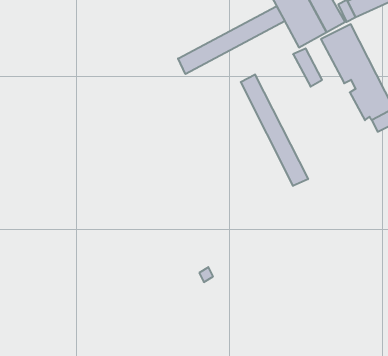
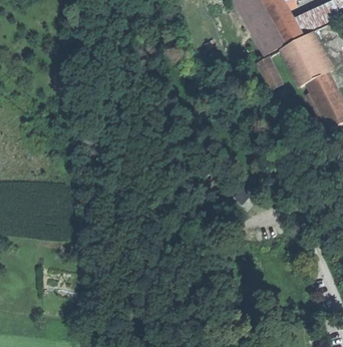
building: [178,6,285,74] -> none
building: [241,74,308,186] -> none

